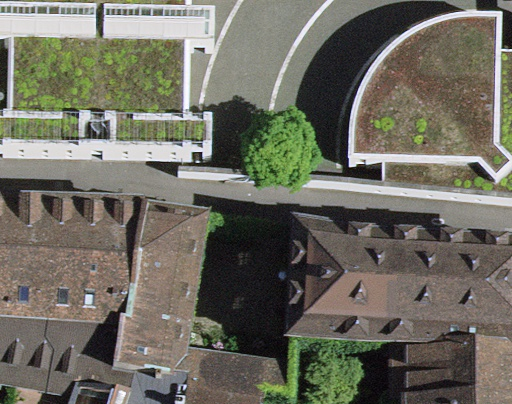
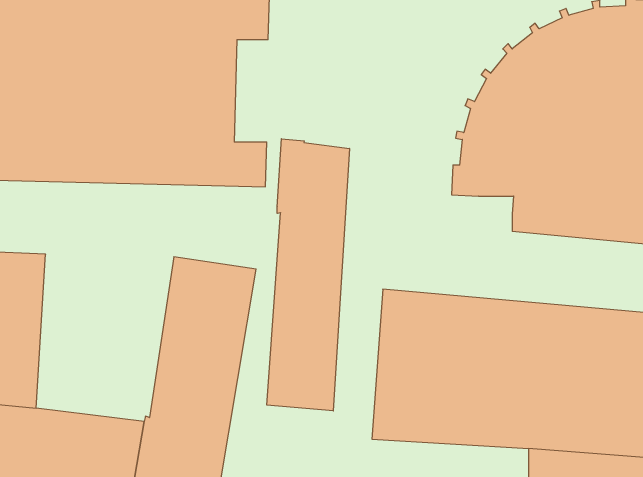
building: none -> [267,139,349,411]
building: [41,198,143,322] -> none

